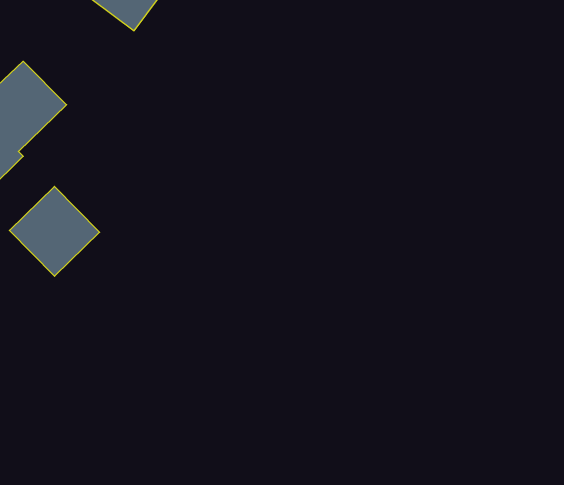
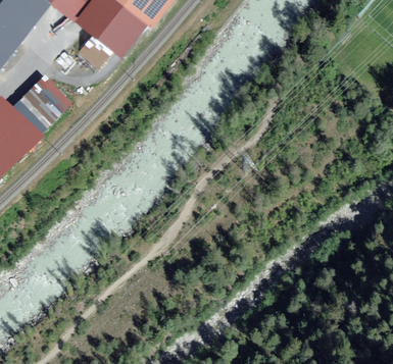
building: [9,186,100,276] -> none

